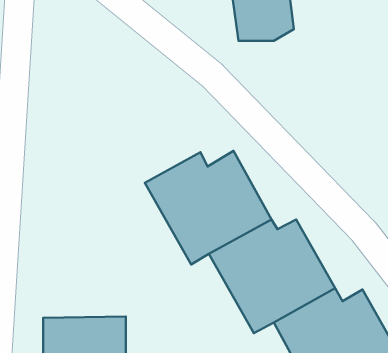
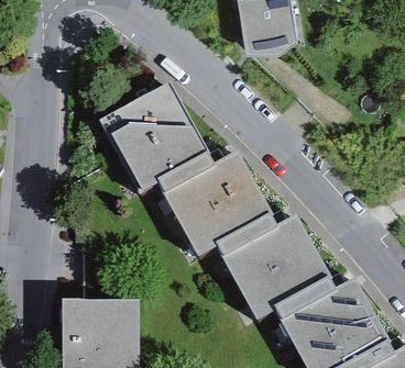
building: none -> [103,89,208,194]

